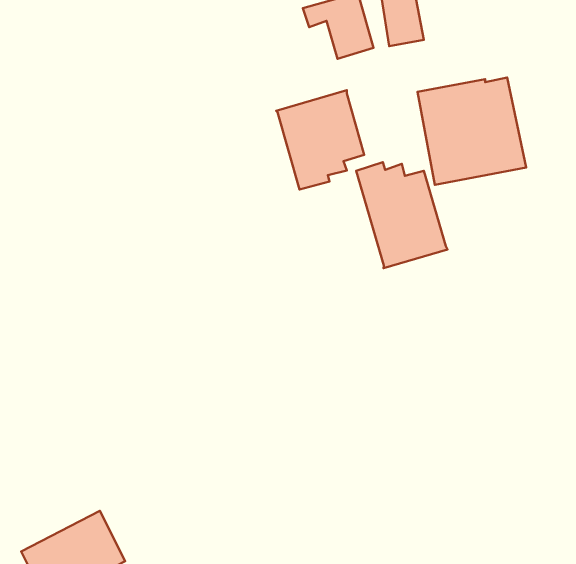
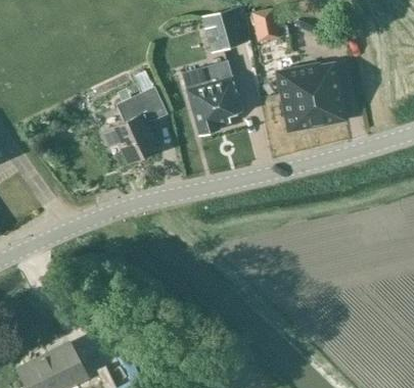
building: none -> [102,87,166,163]
building: [356,162,448,268] -> none

